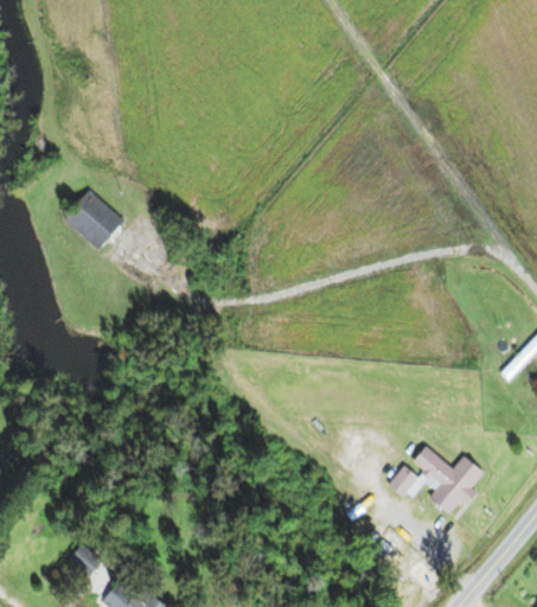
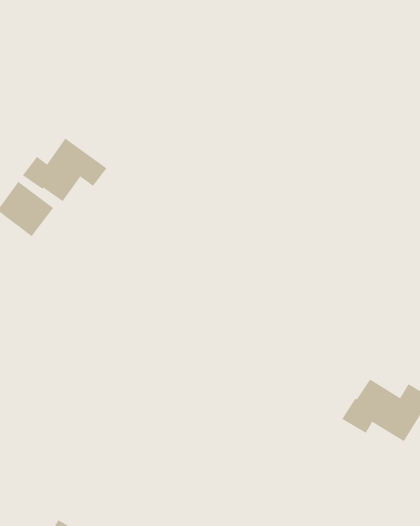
building: none -> [22,138,107,202]

